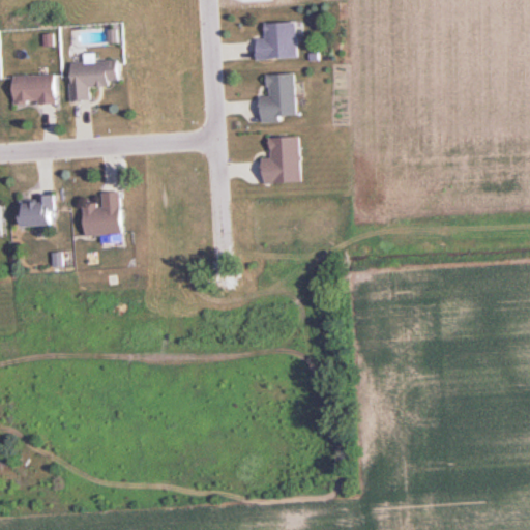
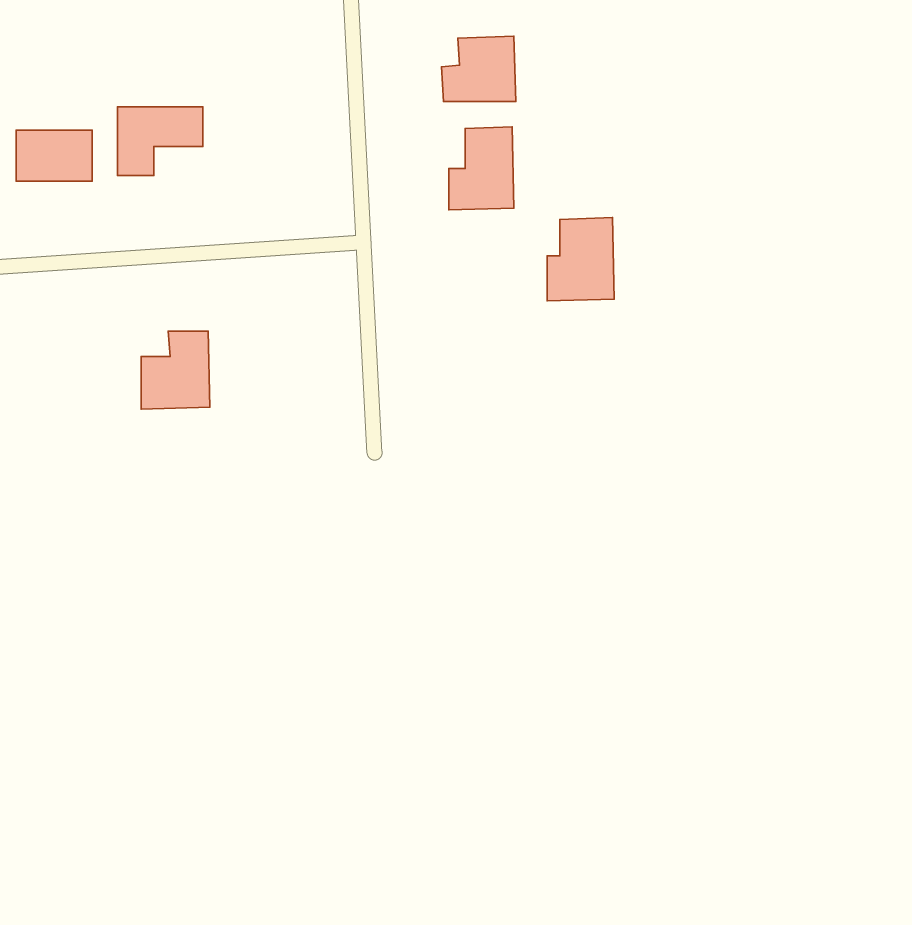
building: [261,136,299,183] -> [547,218,614,301]
building: [17,199,51,225] -> none

